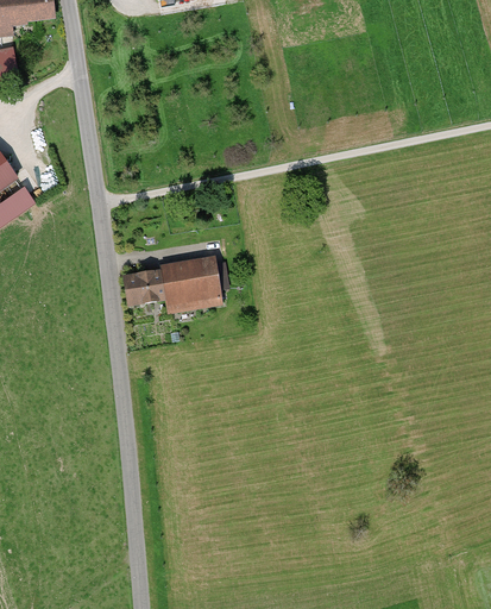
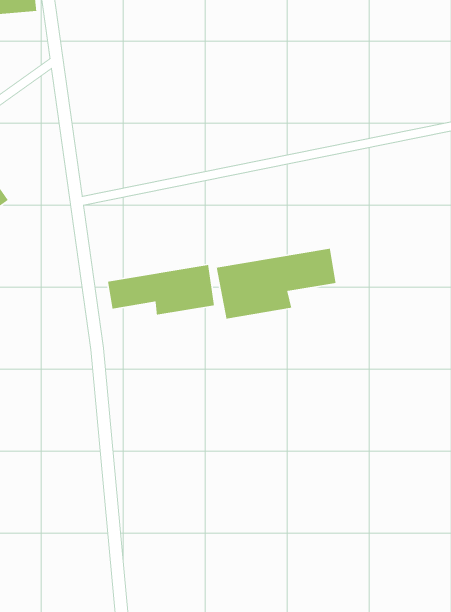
building: none -> [216,248,336,319]

